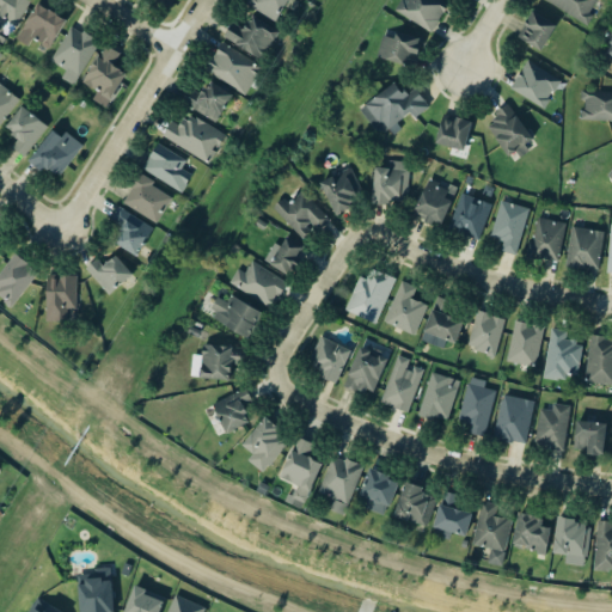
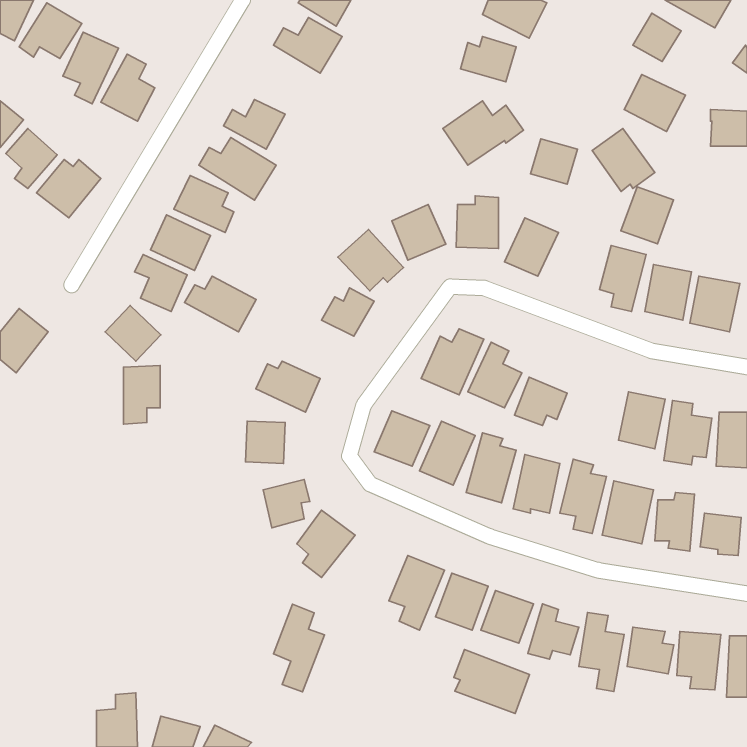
building: [204,43,262,93] -> none
building: [448,192,491,239] -> [621,187,674,244]
building: [228,262,287,307] -> [184,276,256,332]
building: [47,274,76,322] -> [124,366,160,424]
building: [466,310,504,355] -> none
building: [280,436,322,508] -> [273,604,325,692]
building: none -> [454,650,530,714]

